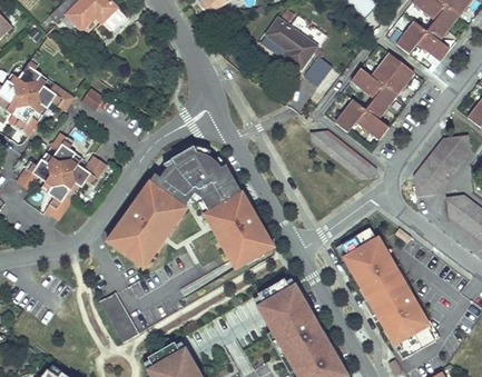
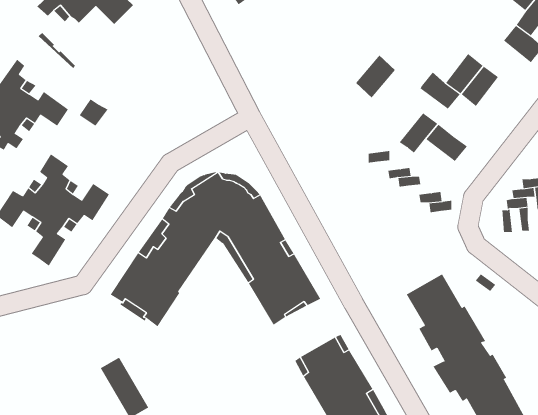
building: [266,19,316,69] -> none
building: [395,21,426,54] -> none
building: [365,86,395,119] -> none

